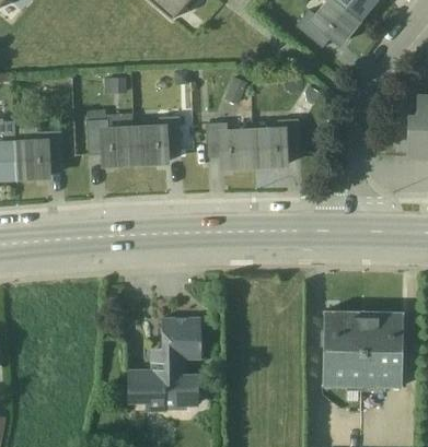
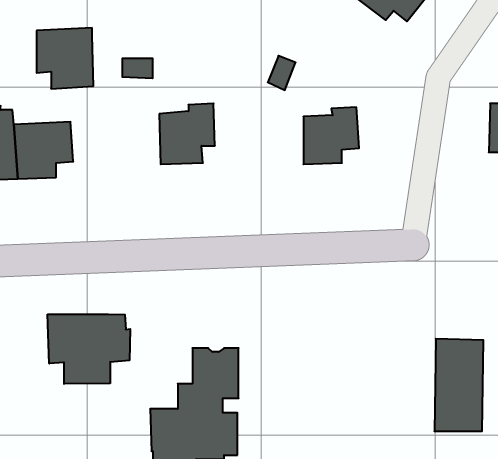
building: [89,118,136,168] -> [37,28,93,89]
building: [207,123,254,168] -> none
building: none -> [48,314,130,384]
building: [323,310,363,387] -> none

